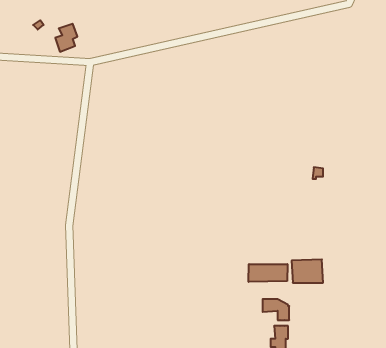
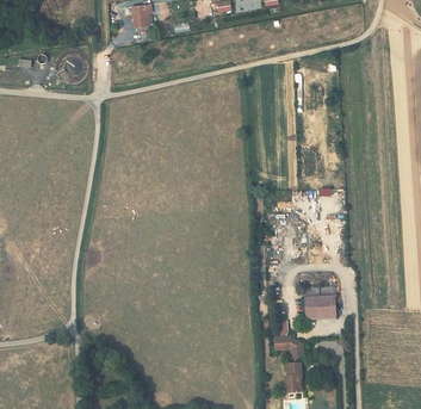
building: [249,264,287,282] -> none

